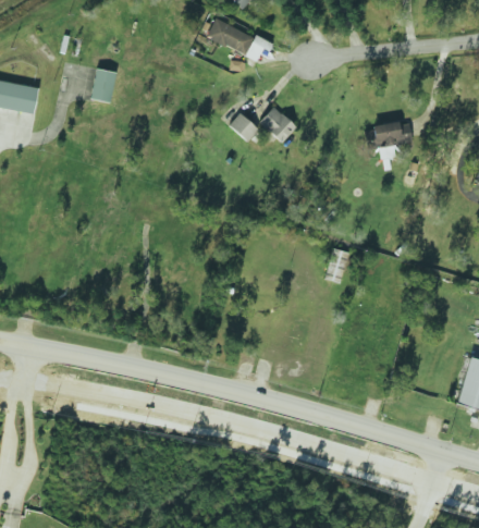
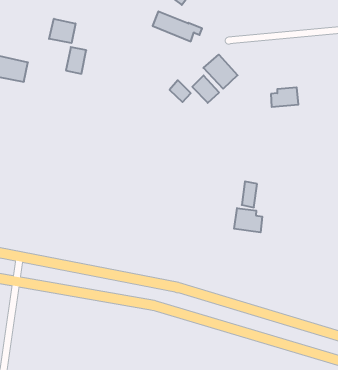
building: none -> [49,19,75,43]
building: none -> [203,55,238,89]
building: none -> [234,208,262,232]

